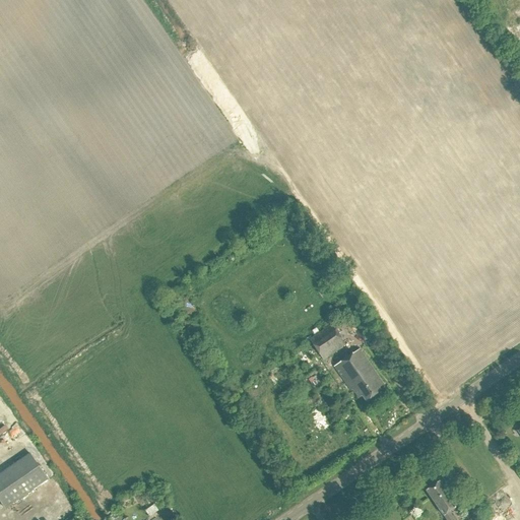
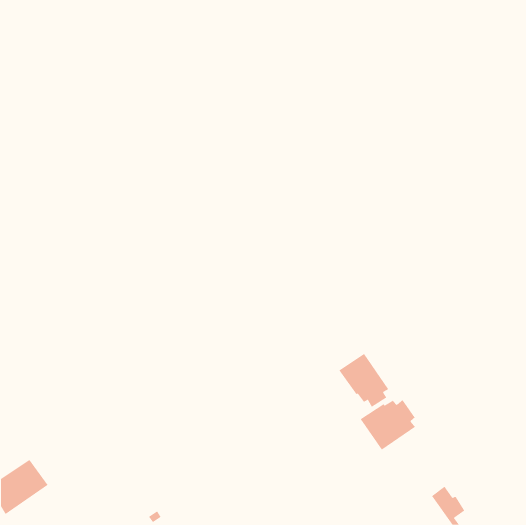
building: [310,324,345,360] -> none
building: none -> [360,399,416,451]

